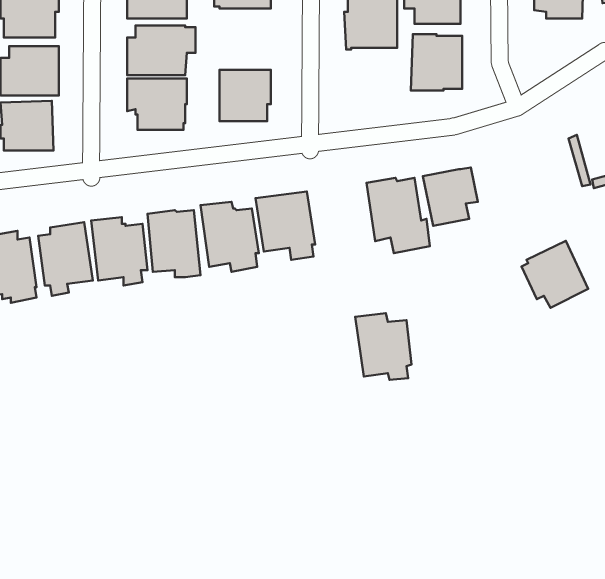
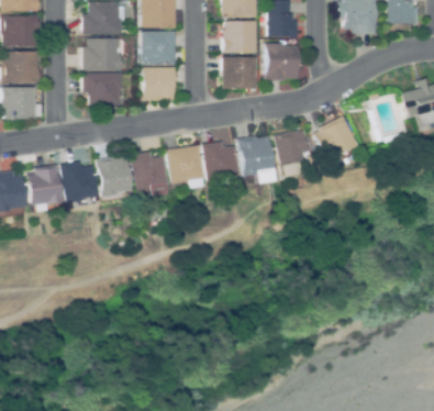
building: none -> [140,31,177,66]
building: none -> [223,57,257,89]
building: [521,241,588,308] -> [314,115,357,158]
building: [355,313,412,380] -> [202,142,238,185]

